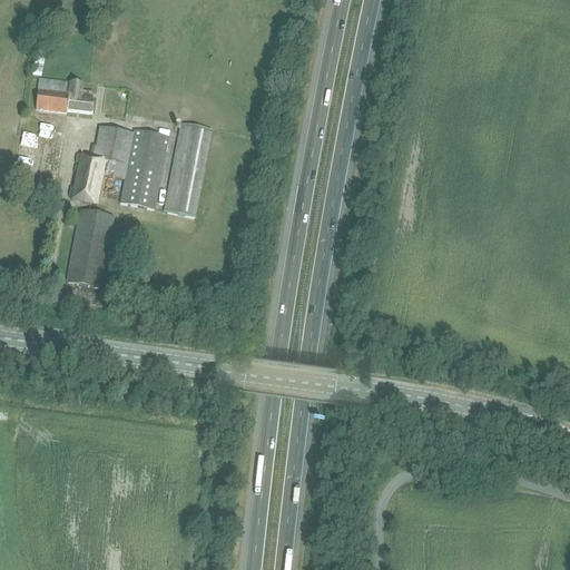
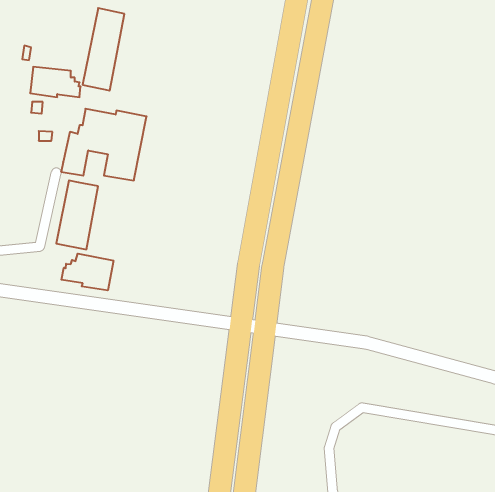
building: [163,121,210,216] -> [83,8,124,91]
building: none -> [61,254,113,290]

